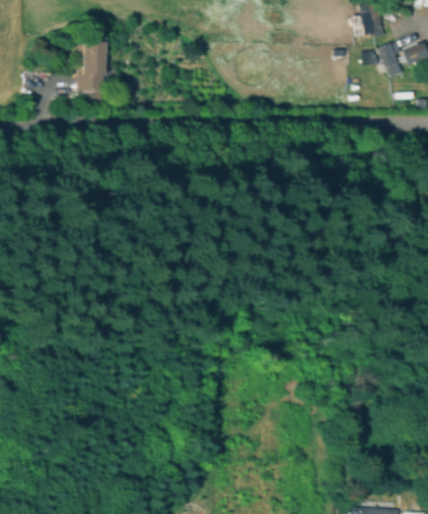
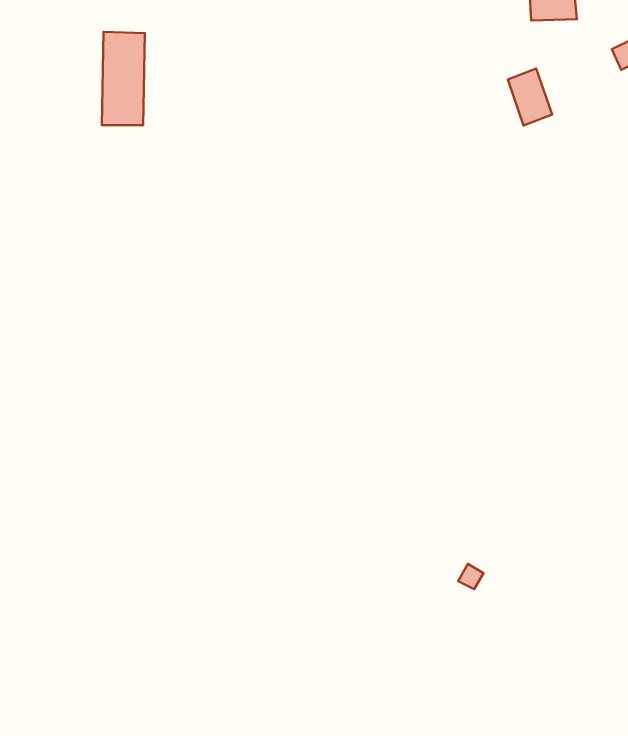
building: [378,40,406,76] -> [508,68,552,125]

